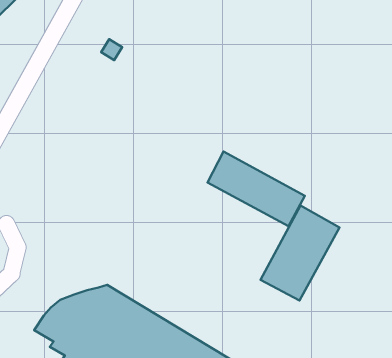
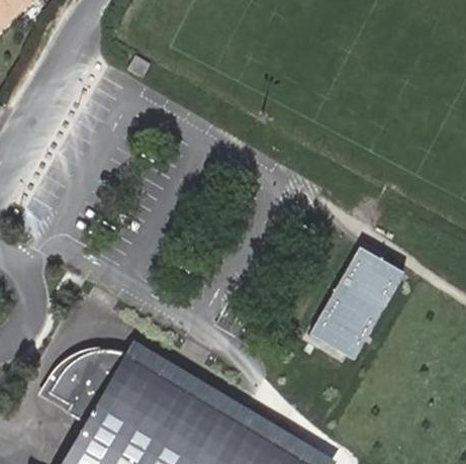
building: [207,152,305,226] -> none

